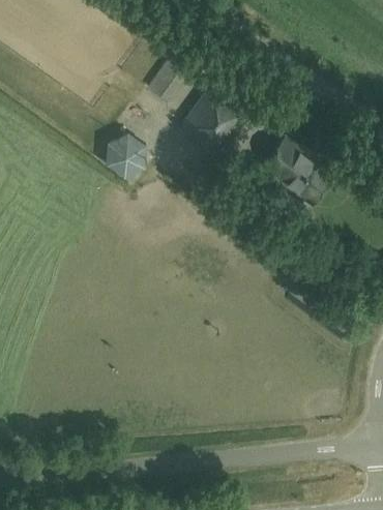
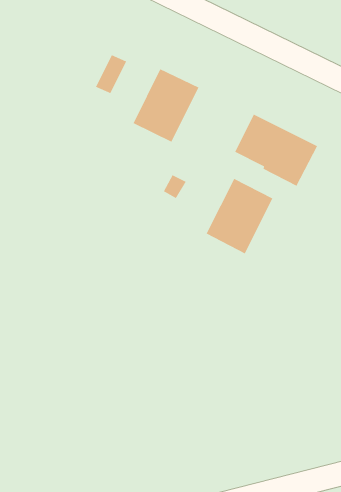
building: [112,138,145,173] -> none
building: none -> [205,178,273,254]

